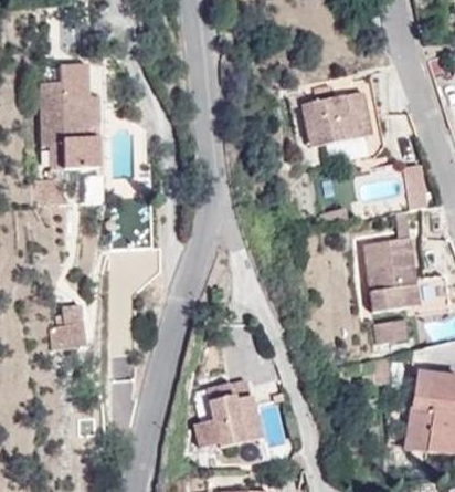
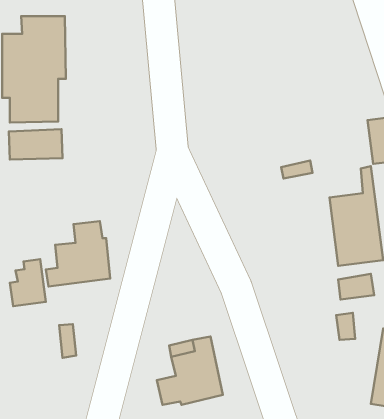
building: [303,84,372,147] -> none
building: none -> [46,221,110,287]

